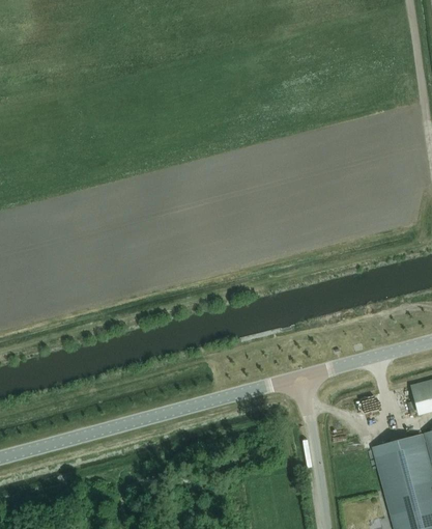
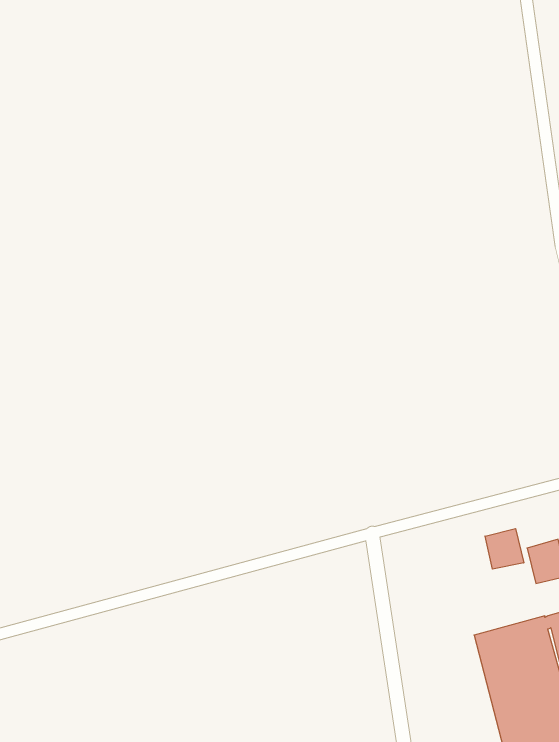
building: none -> [485,529,524,569]

